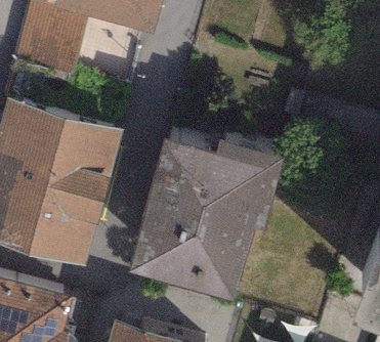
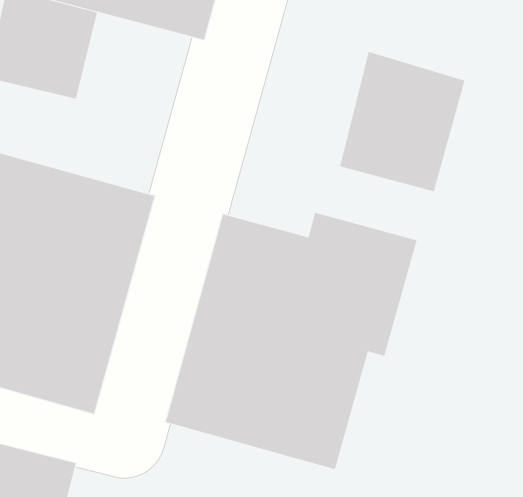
building: none -> [340,51,465,192]

